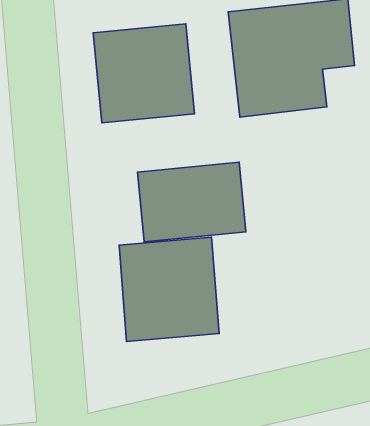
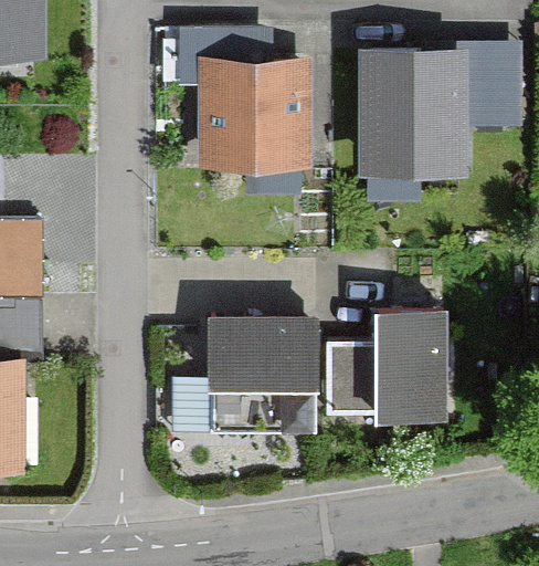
building: [137,162,246,242] -> none
building: none -> [324,316,447,424]

